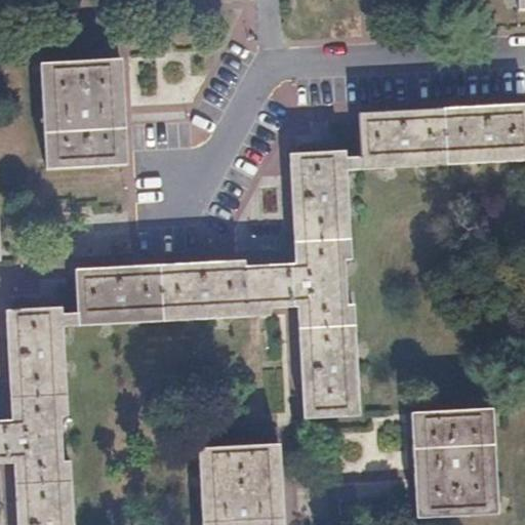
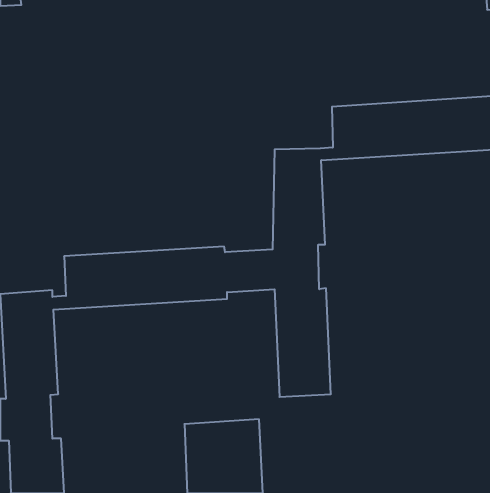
building: [43,57,129,166] -> none
building: [413,407,497,517] -> none

